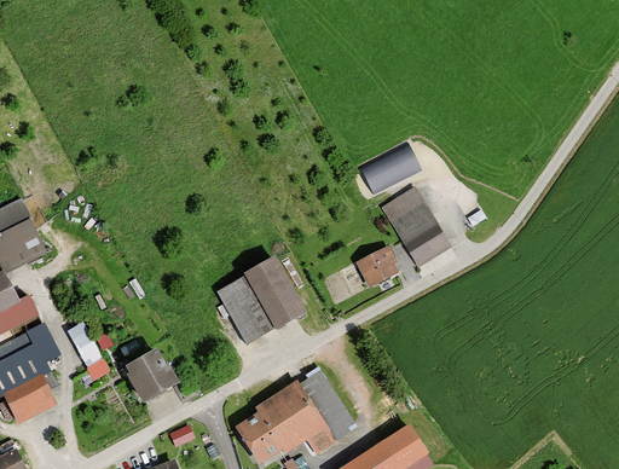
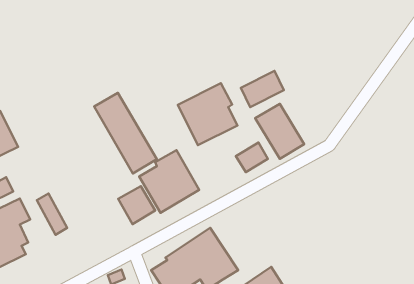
building: none -> [178,83,237,145]
building: none -> [94,93,157,174]
building: [118,348,172,403] -> [118,186,155,224]

